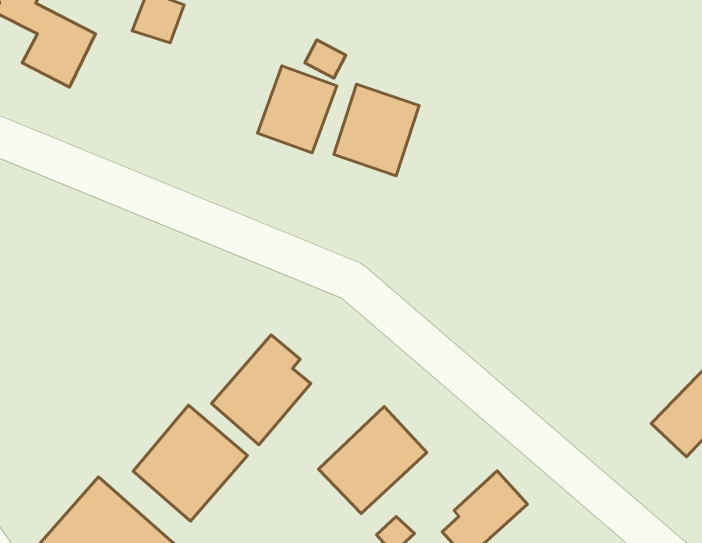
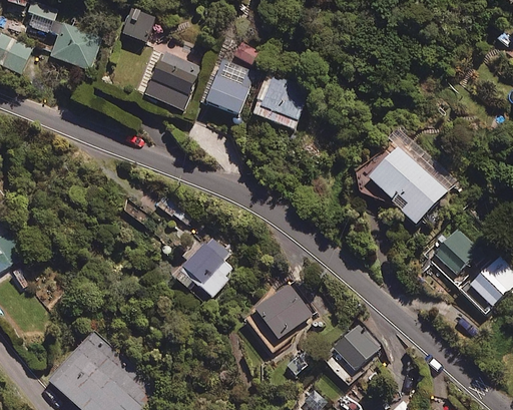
building: none -> [142,50,199,111]
building: none -> [365,146,445,226]
building: none -> [431,227,481,275]
building: [133,405,247,521] -> none

